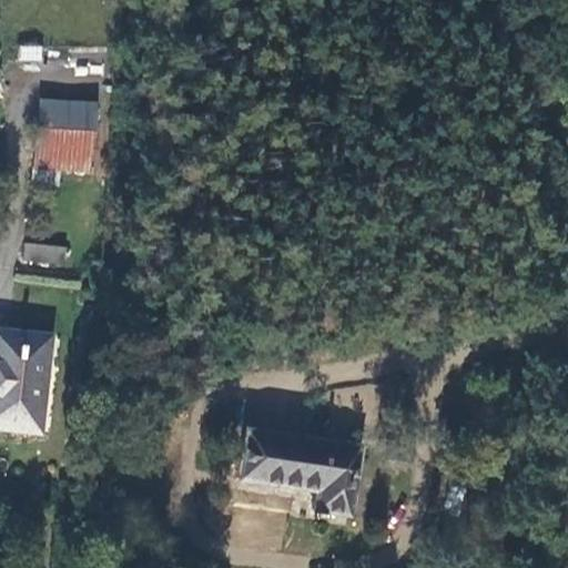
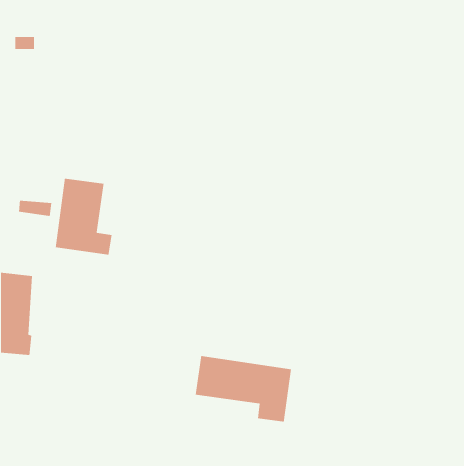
building: [34,93,98,173] -> none
building: none -> [55,178,112,255]

